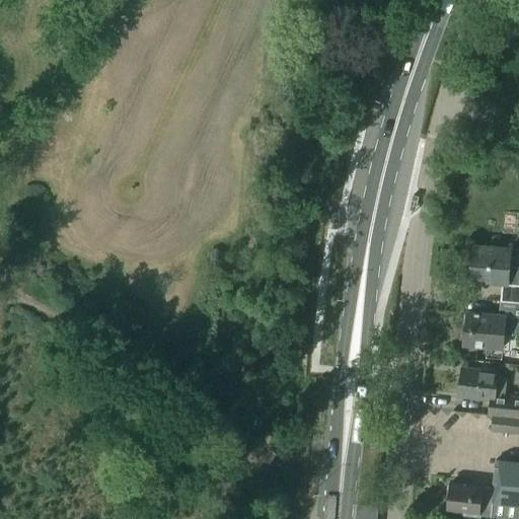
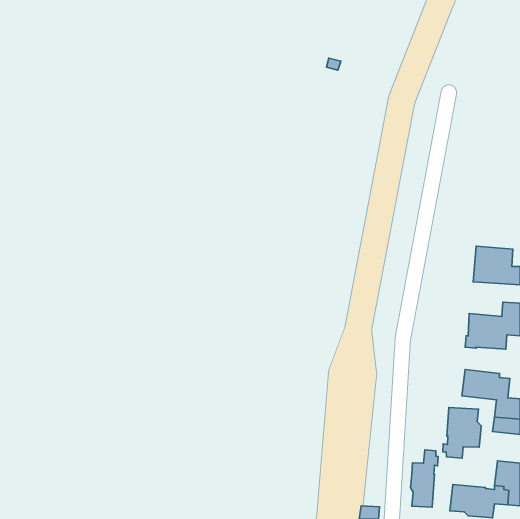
building: none -> [443,407,481,458]
building: none -> [411,450,438,507]

